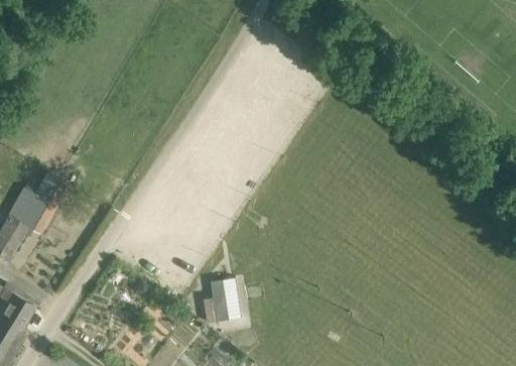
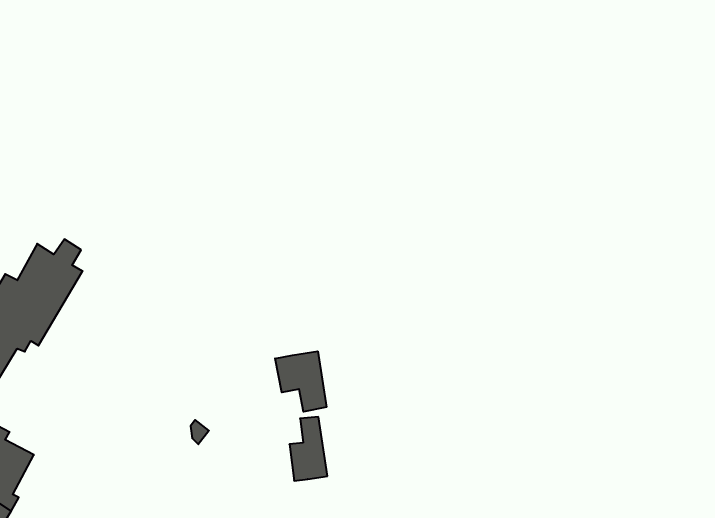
building: none -> [275,351,326,412]

